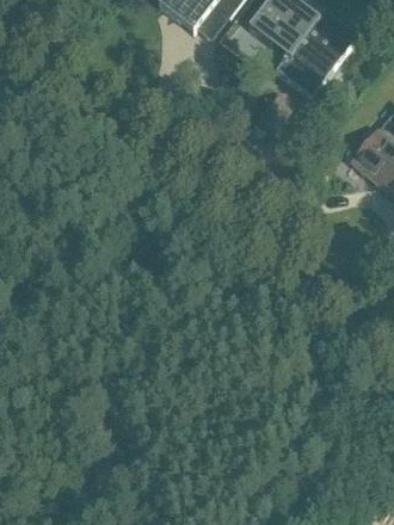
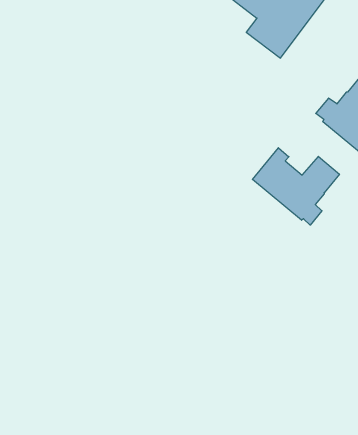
building: none -> [252,148,339,225]

